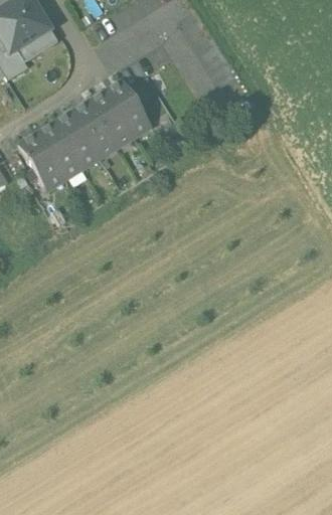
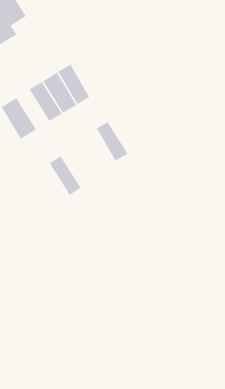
building: [108,79,149,131] -> [96,121,129,162]
building: [39,121,80,172] -> [49,155,82,196]

